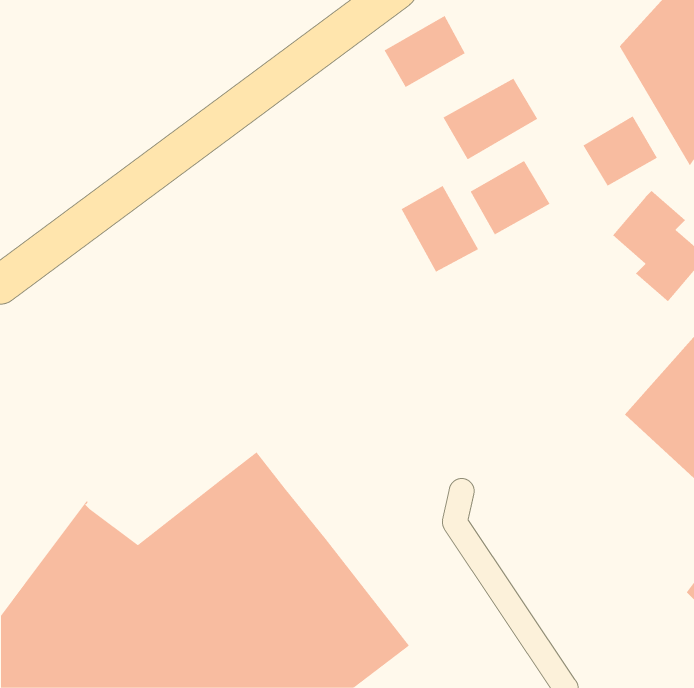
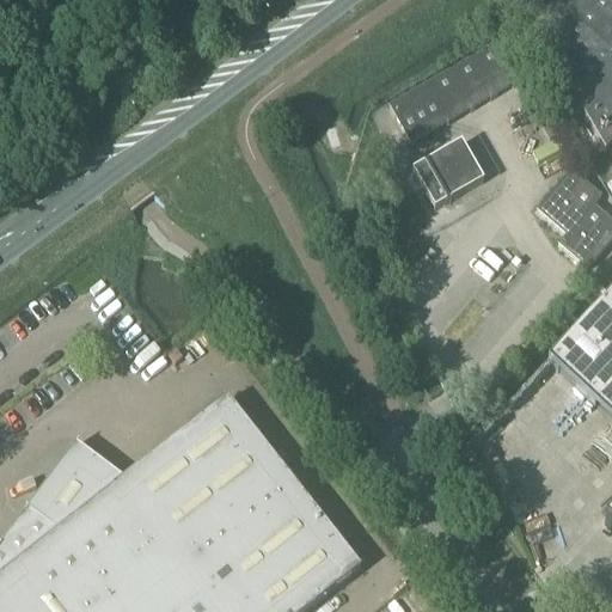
building: [384,15,466,88] -> none
building: [583,116,658,187] -> [453,42,519,104]
building: [401,185,479,272] -> none

